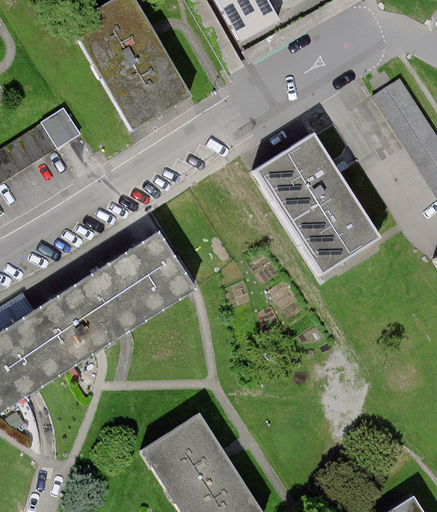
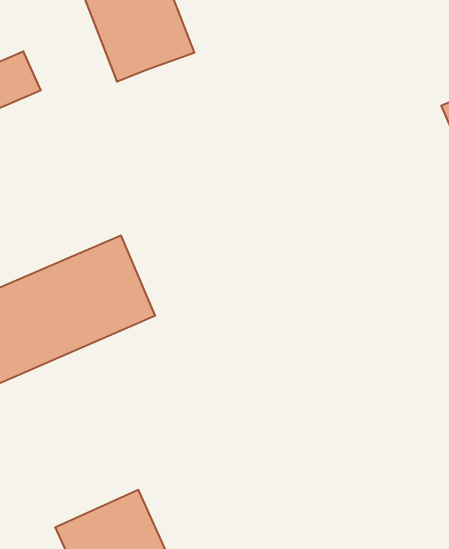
building: [259,134,378,269] -> none

